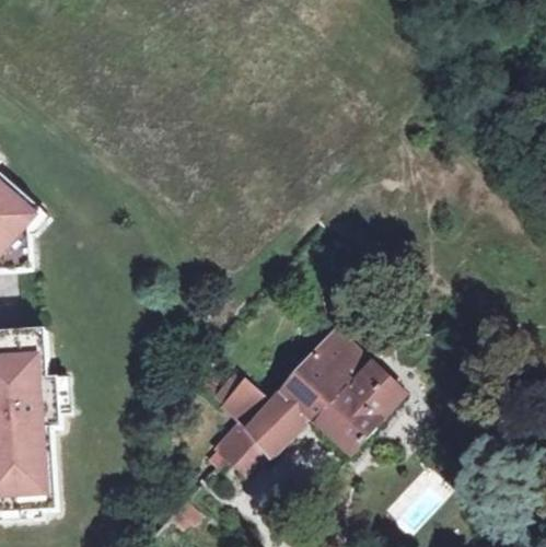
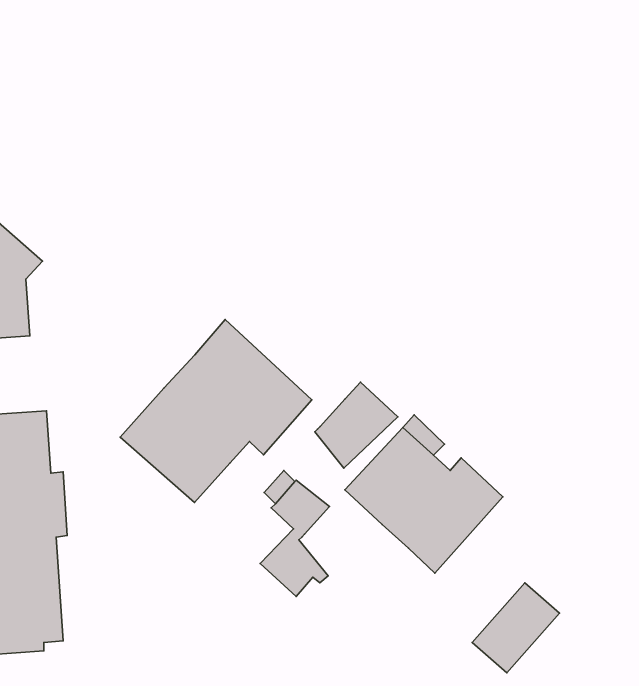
building: none -> [120,320,312,502]
building: [241,389,306,457] -> [315,382,398,468]

